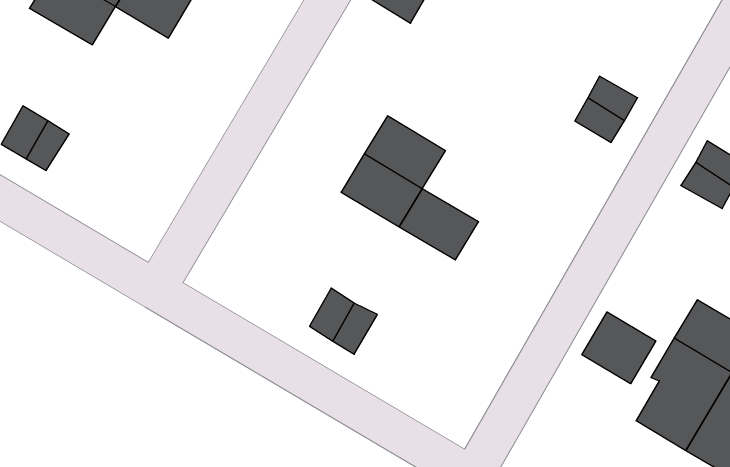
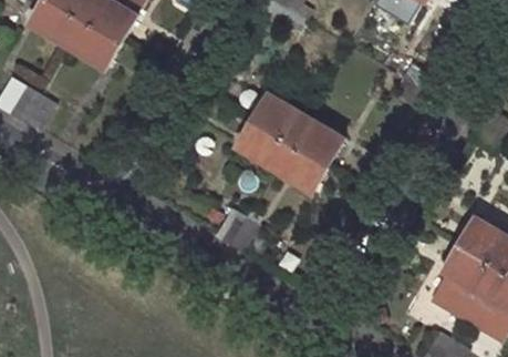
building: none -> [70,21,121,67]
building: none -> [290,118,343,165]
building: [582,312,656,384] -> none

